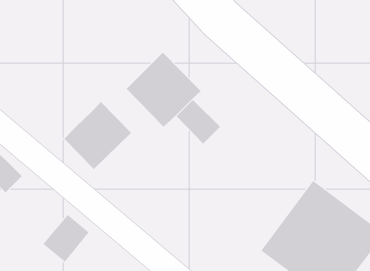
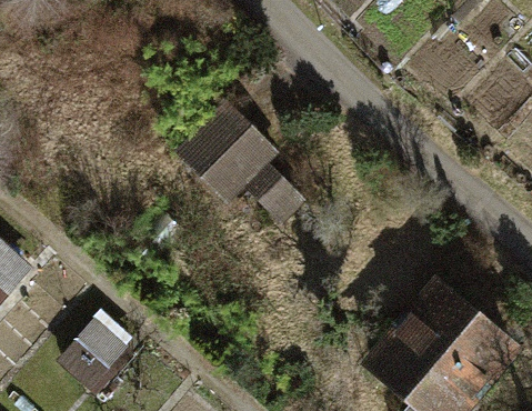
building: [63,101,132,170] -> none

